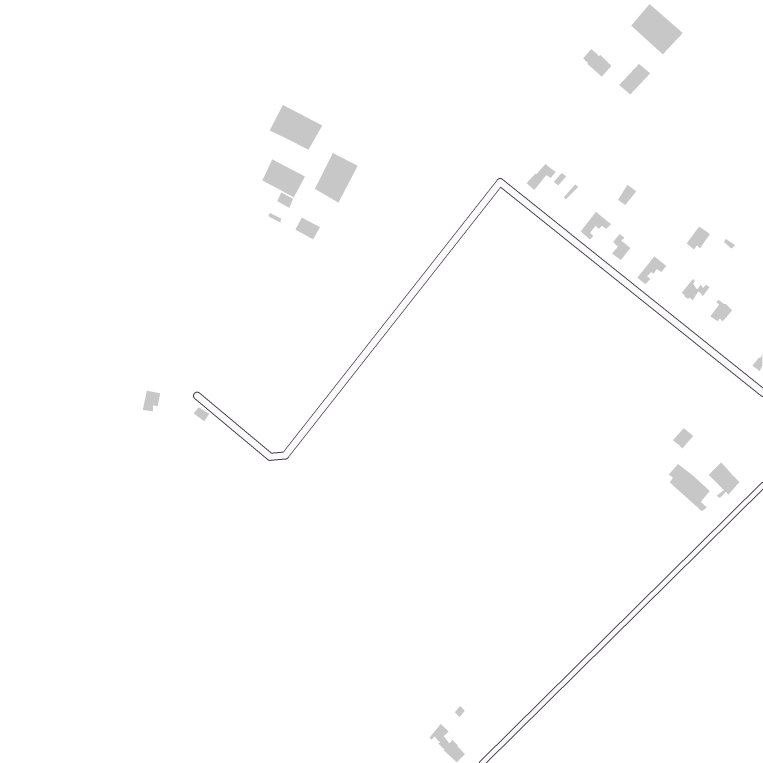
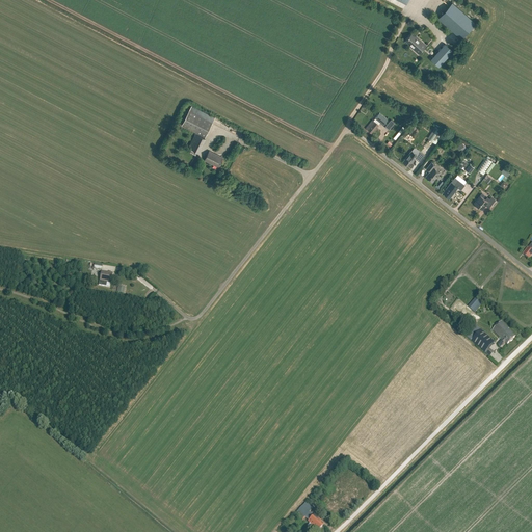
building: [269,104,324,151] -> none
building: [314,152,359,204] -> none

